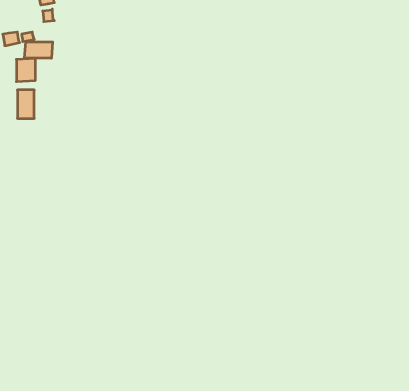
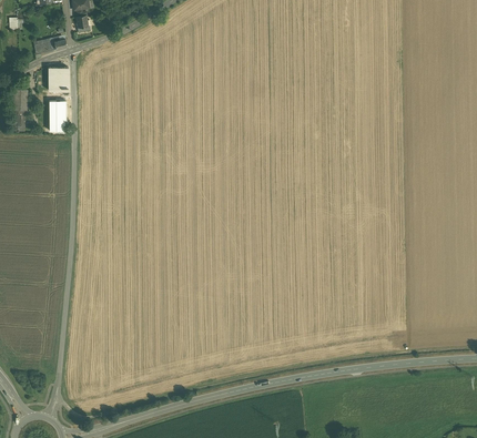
building: [25,42,53,58] -> none

